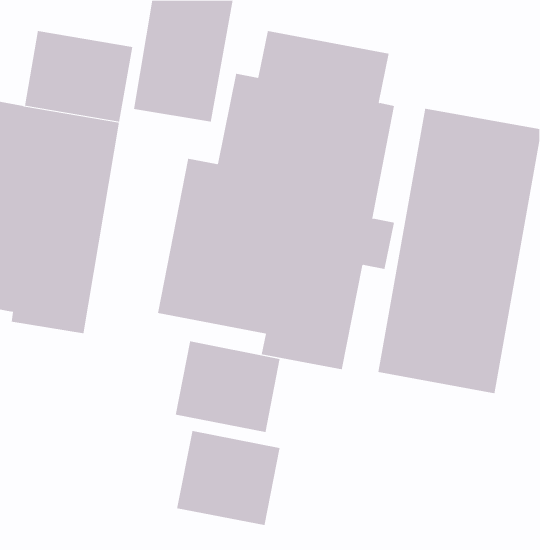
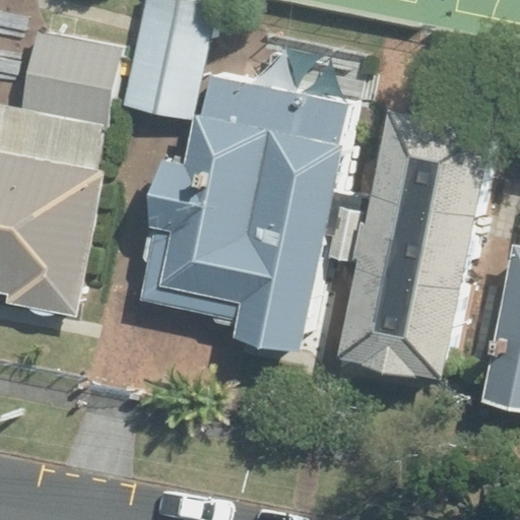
building: [175,341,280,433] -> none
building: [177,430,280,526] -> none

